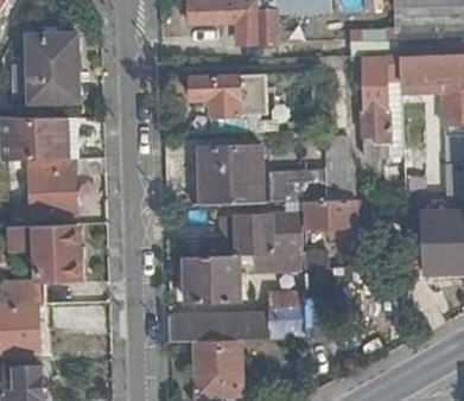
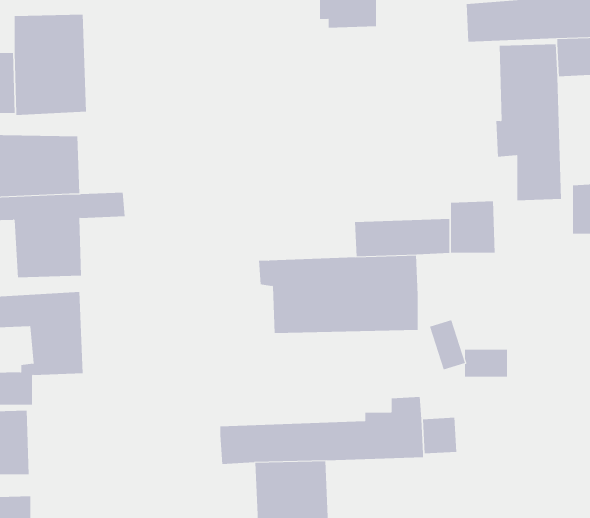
building: [189,75,263,116] -> none
building: [199,147,261,204] -> none
building: [303,199,355,228] -> none
building: [183,252,305,303] -> none

